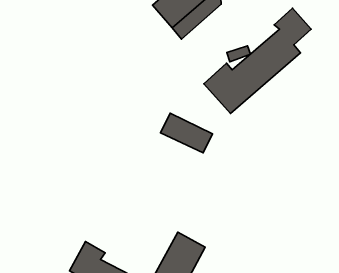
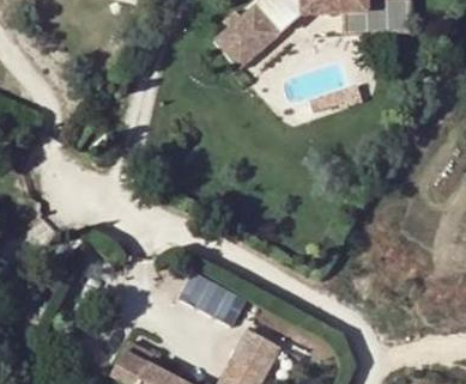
building: [204,8,311,114] -> none
building: [161,113,212,153] -> [180,272,246,322]

